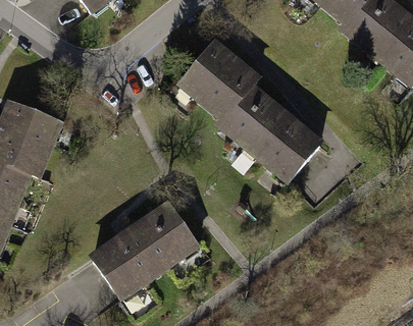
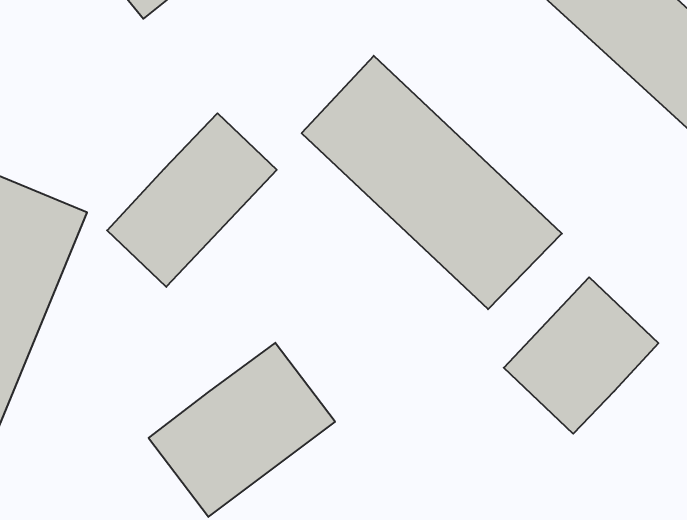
building: none -> [107,113,277,287]
building: none -> [504,277,658,434]

